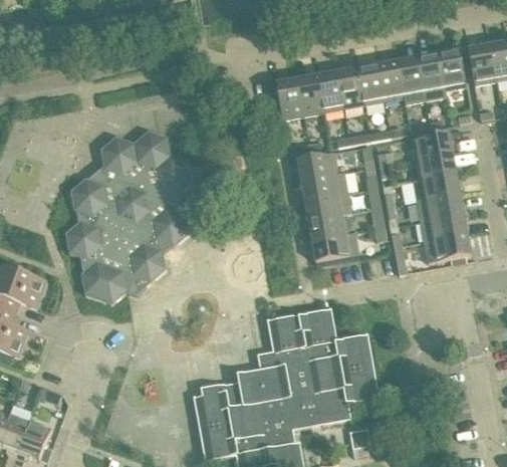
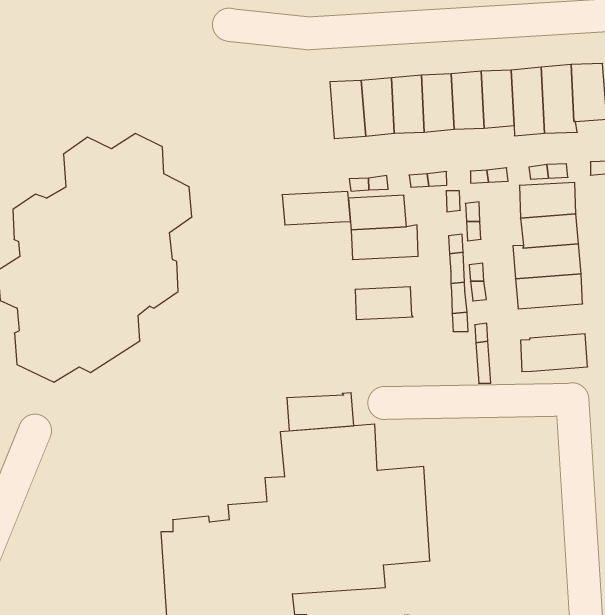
building: [304,192,352,219] -> [282,192,351,225]
building: [420,212,467,241] -> none
building: [311,231,358,261] -> [287,393,354,431]

